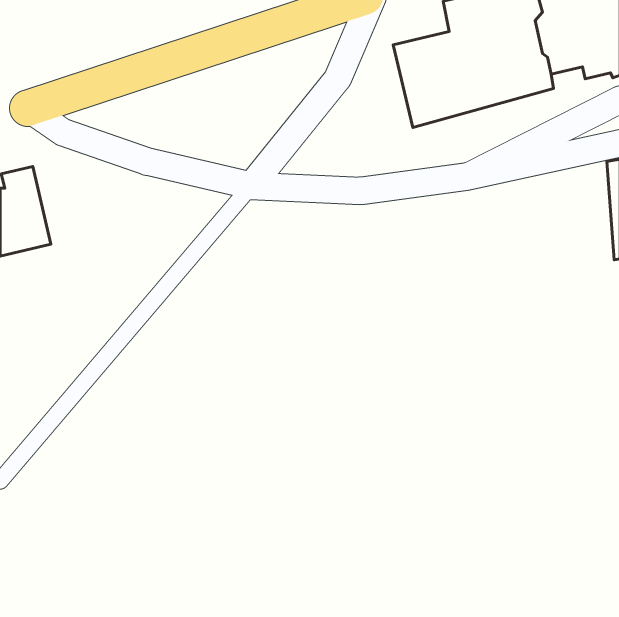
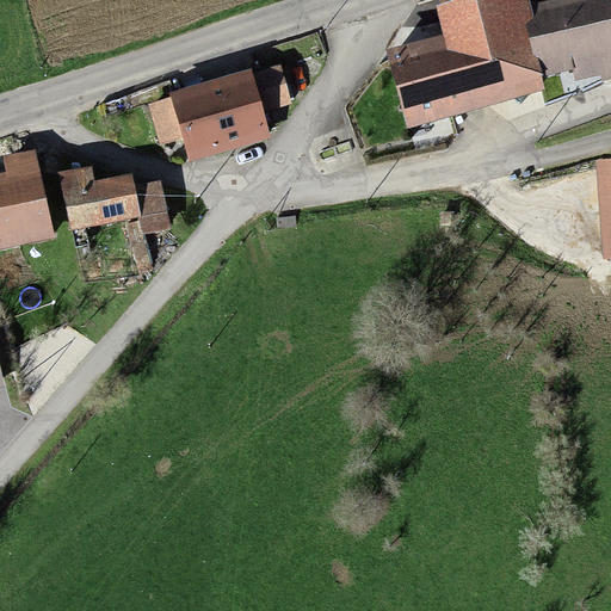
building: none -> [148,61,294,158]
building: none -> [56,174,168,237]

